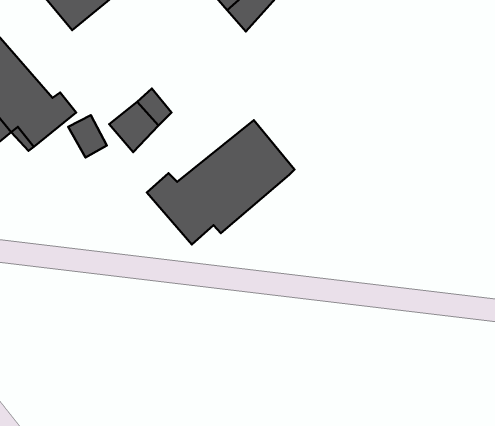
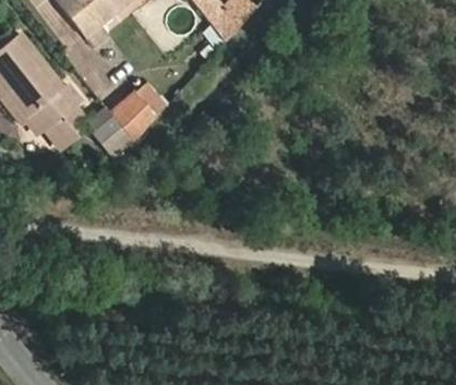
building: [147,120,295,244] -> none

